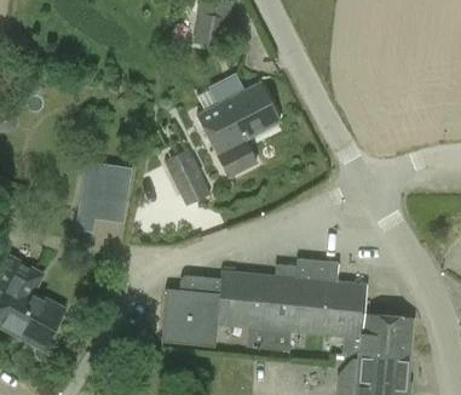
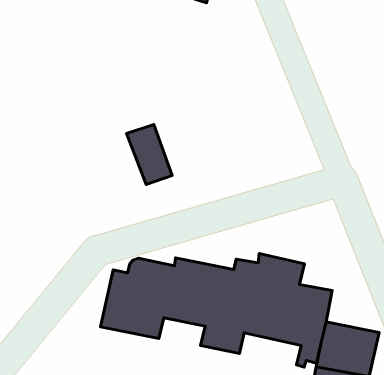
building: [195,73,280,177] -> none
building: [77,164,129,229] -> none

